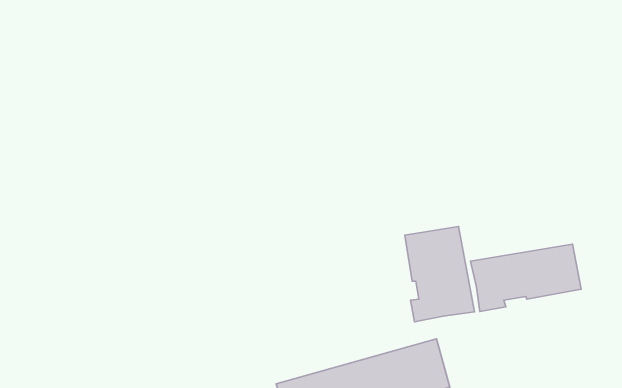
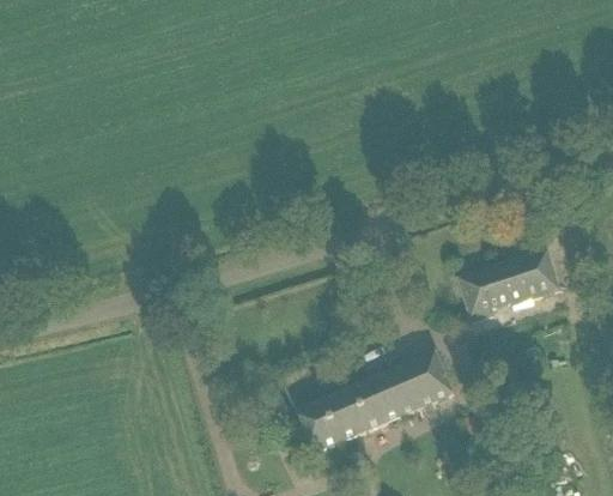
building: [405,227,475,322] -> none

